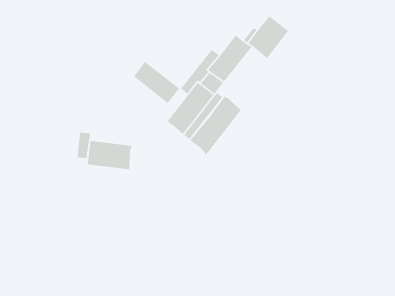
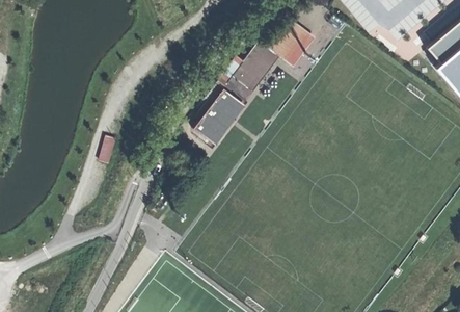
building: [133,61,180,104] -> none
building: [189,95,242,155] -> none
building: [87,140,133,170] -> none

